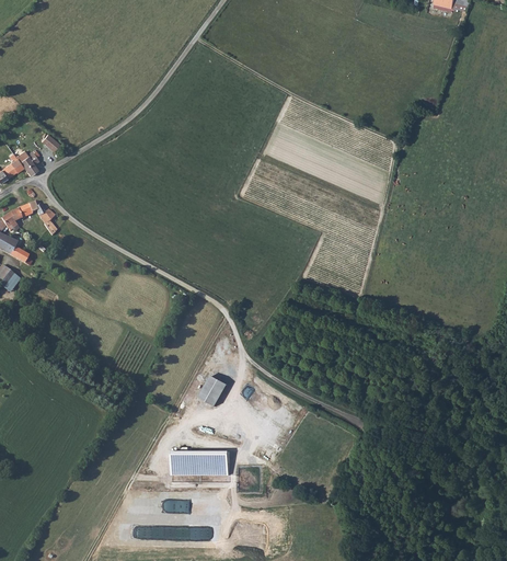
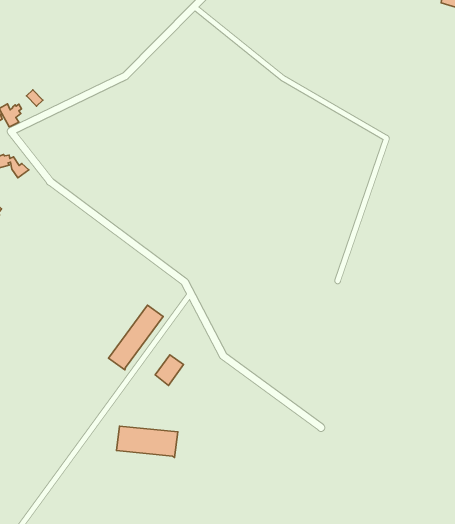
building: none -> [108,305,163,370]

